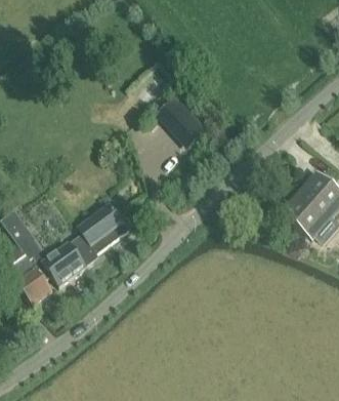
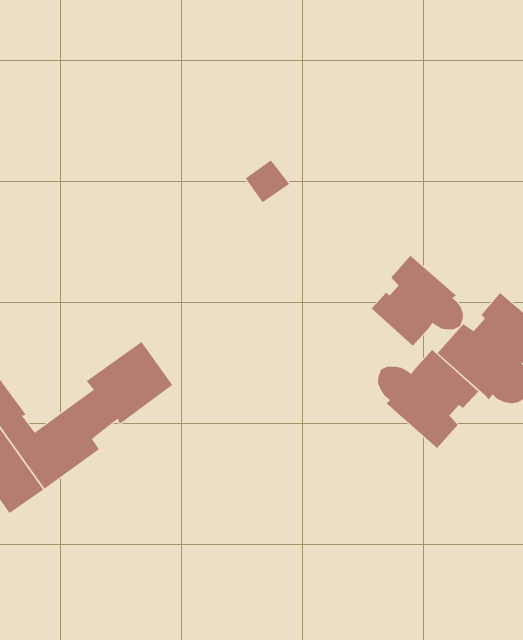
building: none -> [371,255,464,346]
building: none -> [378,349,479,449]

